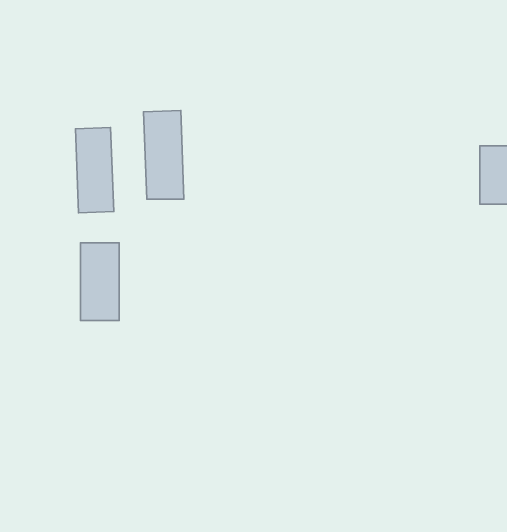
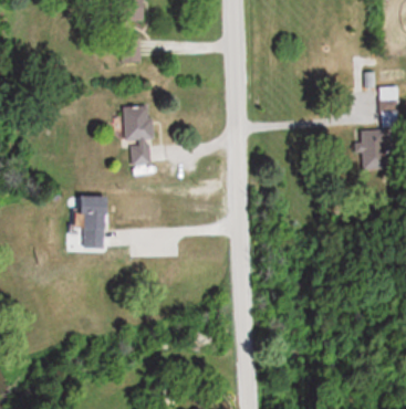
building: [75,128,114,213] -> none

